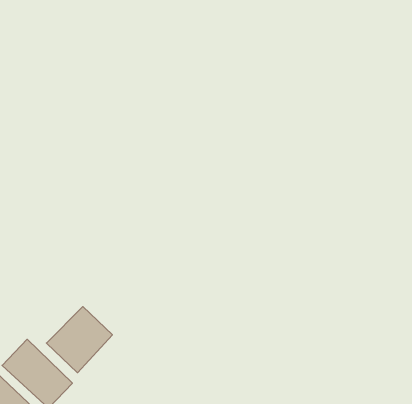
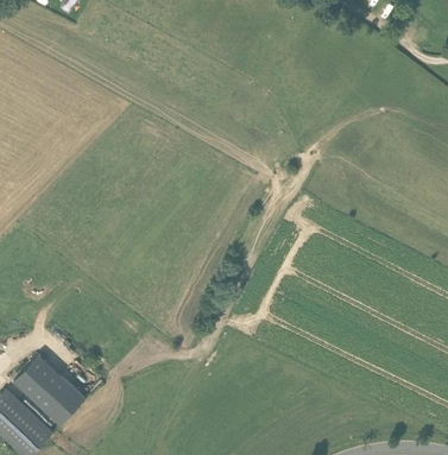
building: [46,307,112,373] -> none

